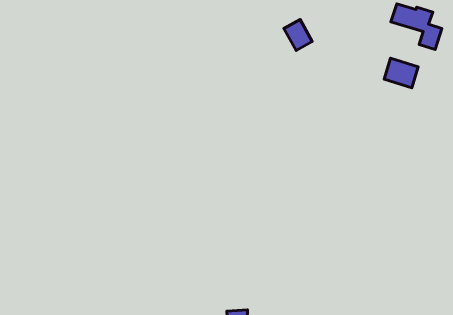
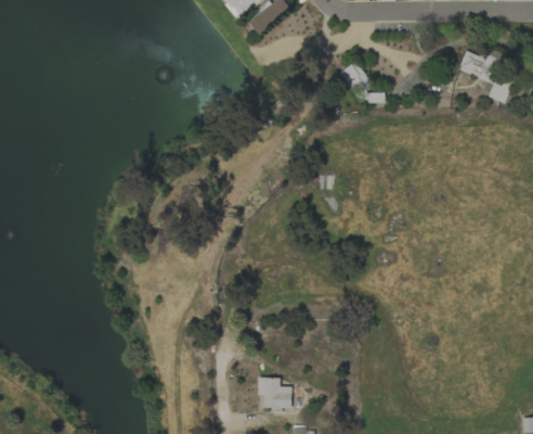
building: [384,58,418,88] -> none

